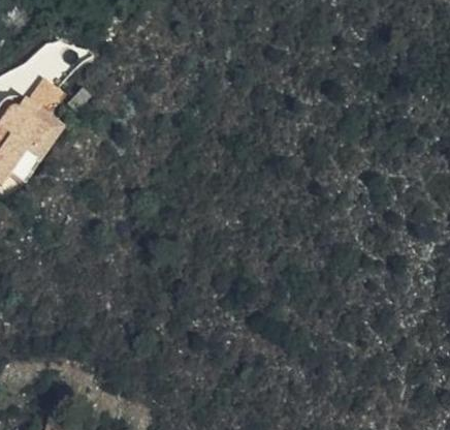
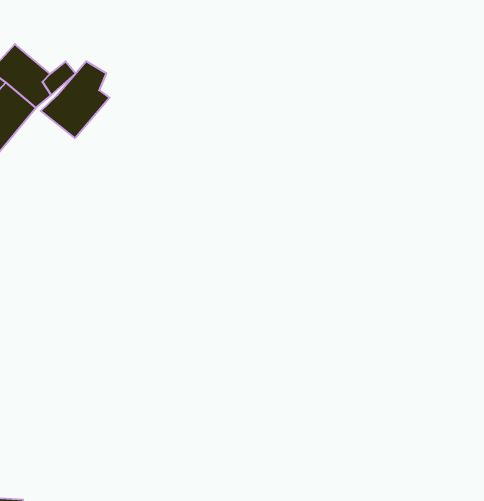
building: none -> [41,61,110,138]

